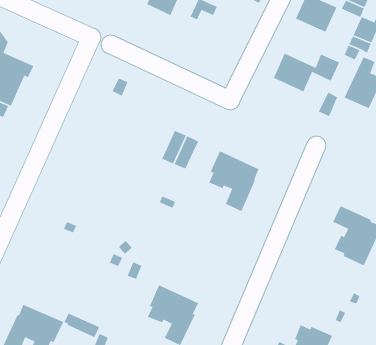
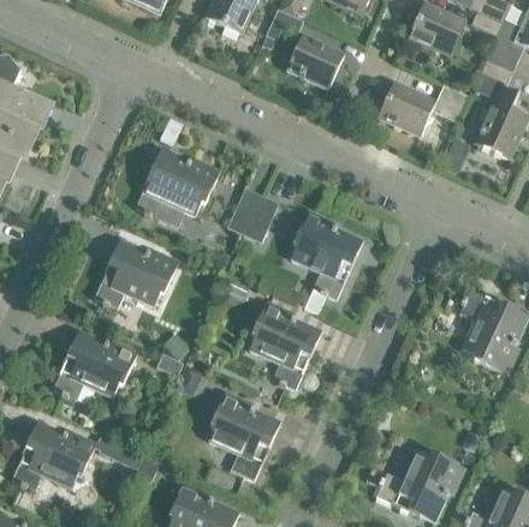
building: none -> [287,34,345,88]
building: none -> [135,149,218,226]
building: none -> [94,239,177,307]
building: none -> [250,305,320,388]
building: none -> [53,327,136,399]

